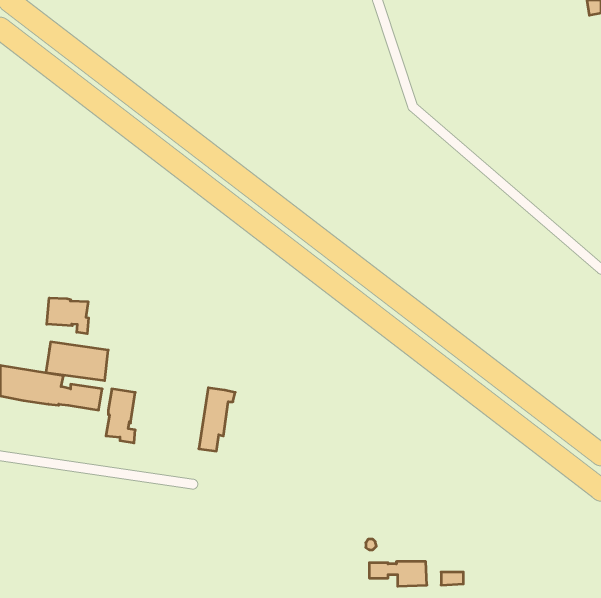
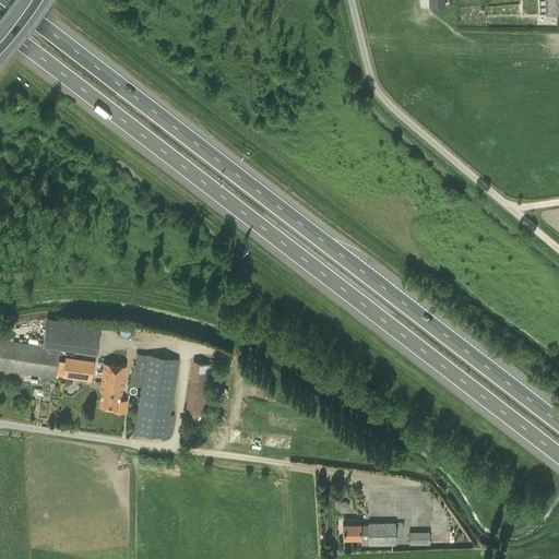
building: [47,298,89,334] -> none
building: none -> [130,355,178,438]

